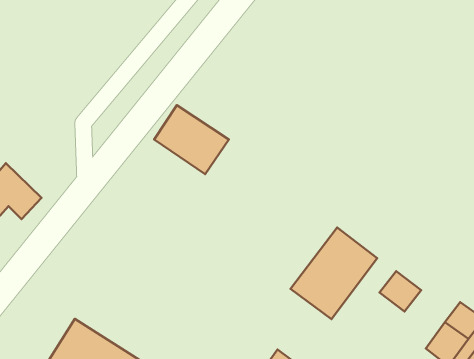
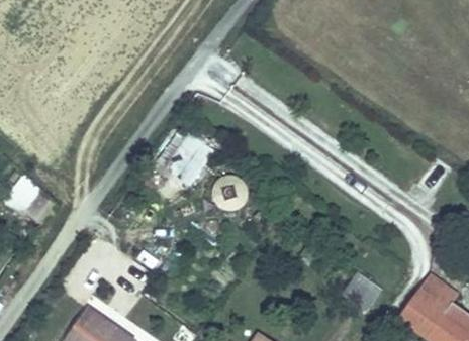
building: [290,227,377,319] -> none

